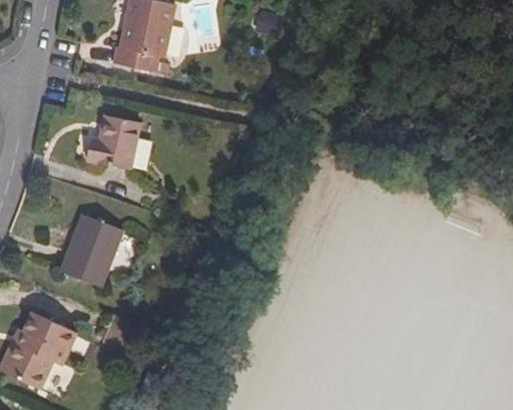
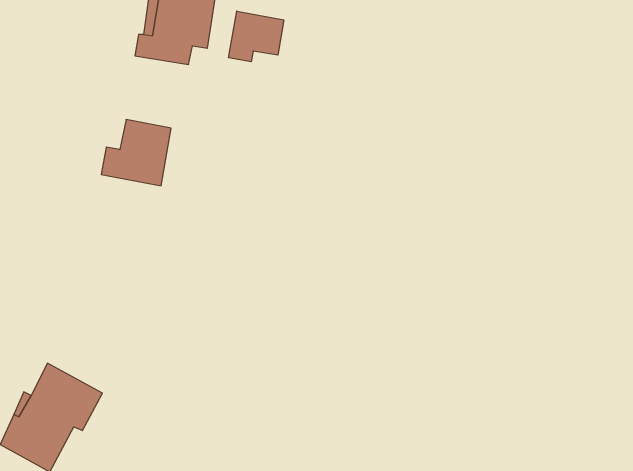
building: none -> [229,11,284,62]
building: [59,211,124,288] -> none

